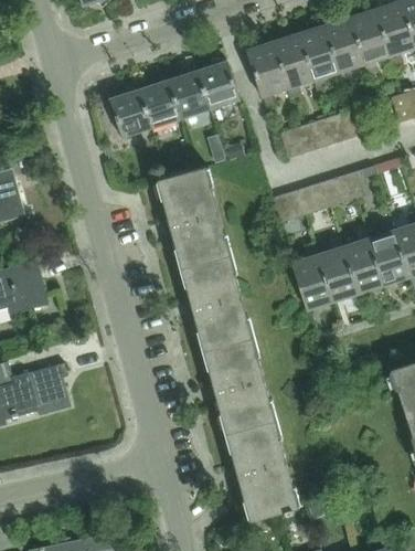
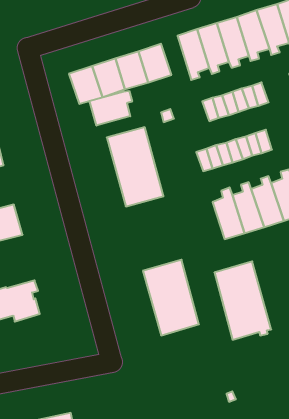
building: none -> [90,91,132,126]
building: [180,255,252,351] -> none
building: [225,420,298,520] -> [214,261,271,340]

